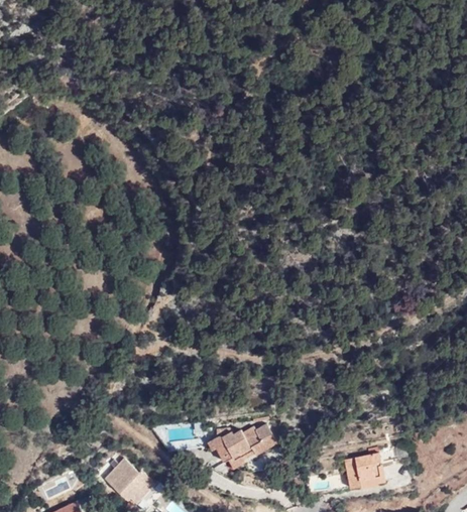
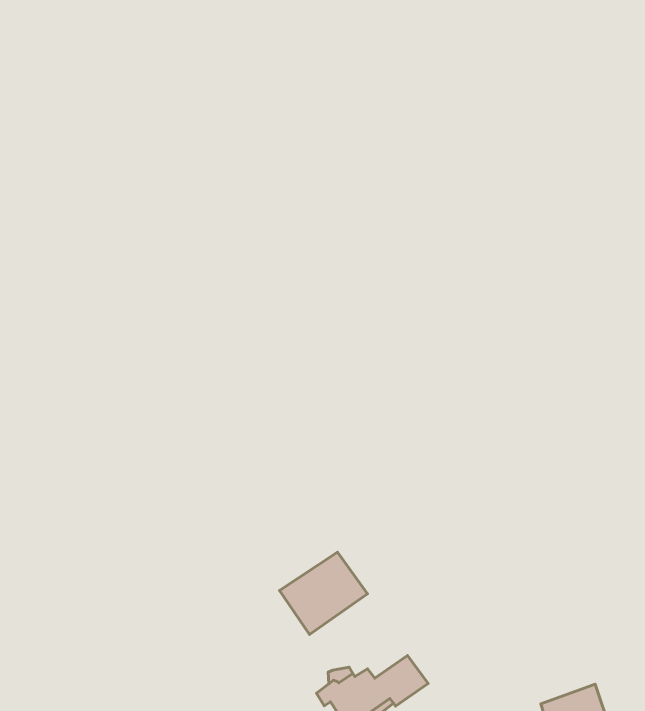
building: none -> [279,552,368,635]

